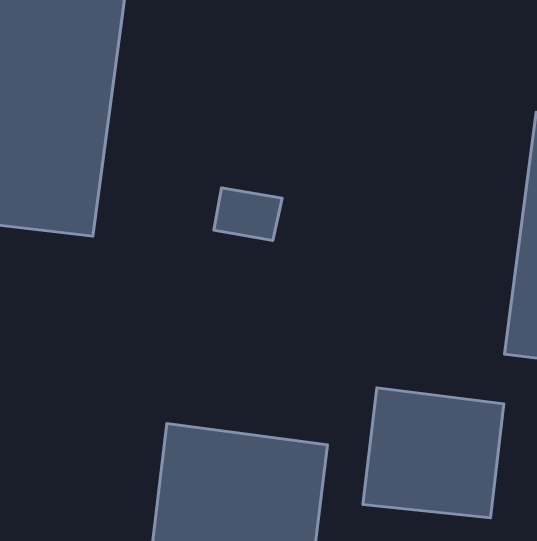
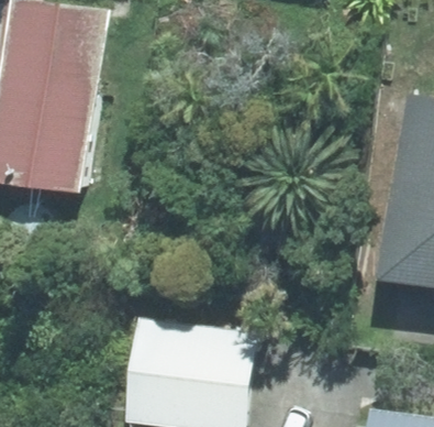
building: [363,388,504,518] -> none

